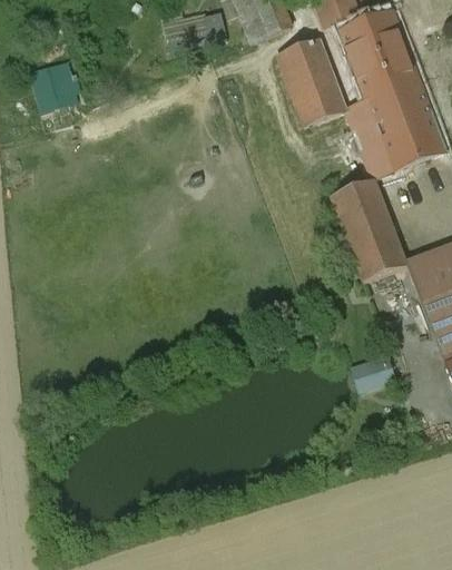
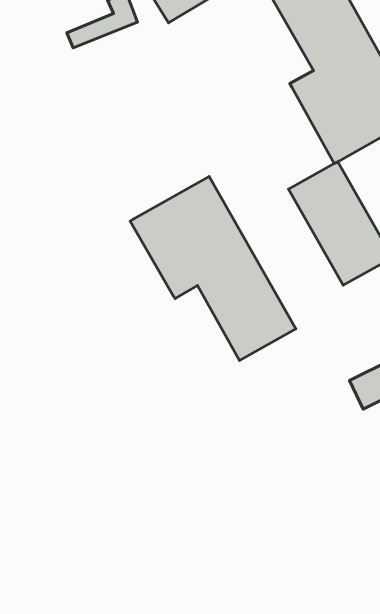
building: [277,36,346,125] -> none
building: none -> [130,176,296,360]

